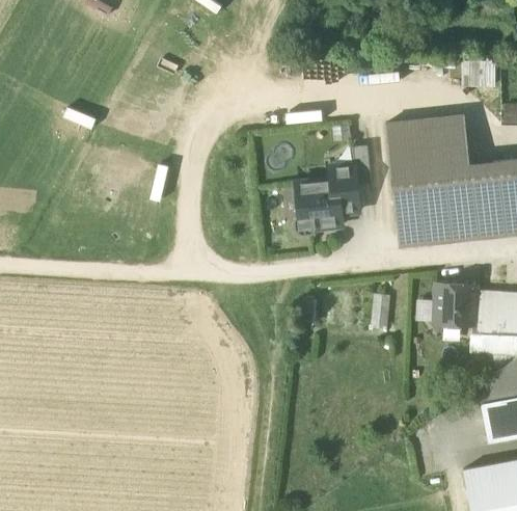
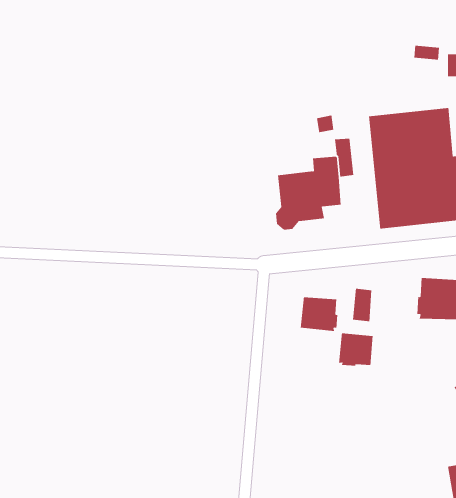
building: none -> [300,296,338,332]
building: none -> [338,332,373,367]

